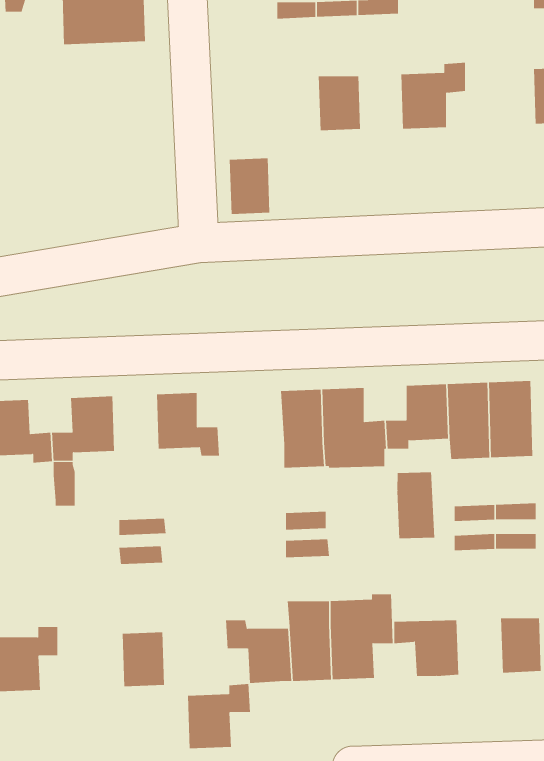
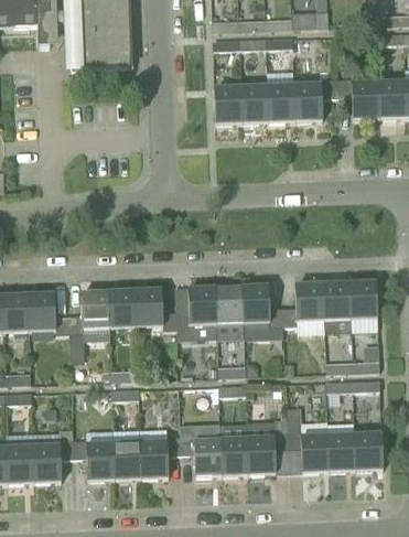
building: none -> [333,77,377,118]
building: none -> [265,85,292,120]
building: [229,158,270,215] -> [213,86,239,122]
building: none -> [174,288,216,339]
building: none -> [107,290,136,326]
building: [397,471,435,539] -> none
building: none -> [327,433,356,470]
building: none -> [72,439,114,479]
building: [187,683,251,749] -> [139,434,180,476]

